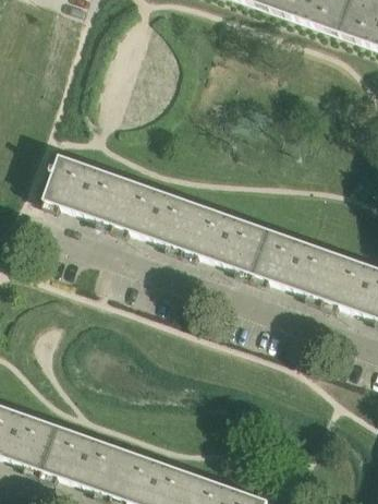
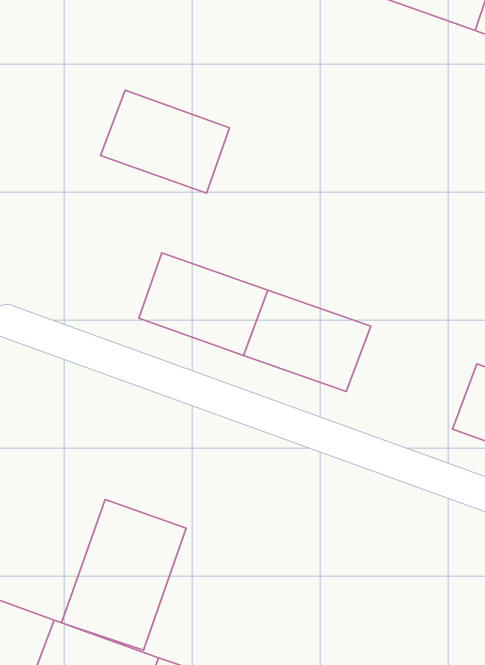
building: [41,154,127,223] -> [101,90,229,193]
building: [251,228,338,297] -> none
building: none -> [62,499,186,650]

